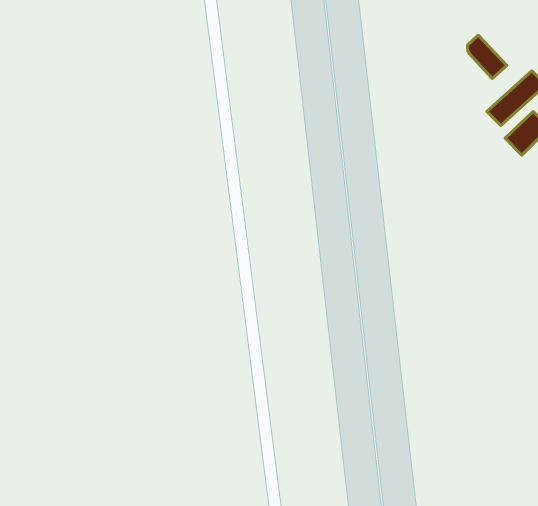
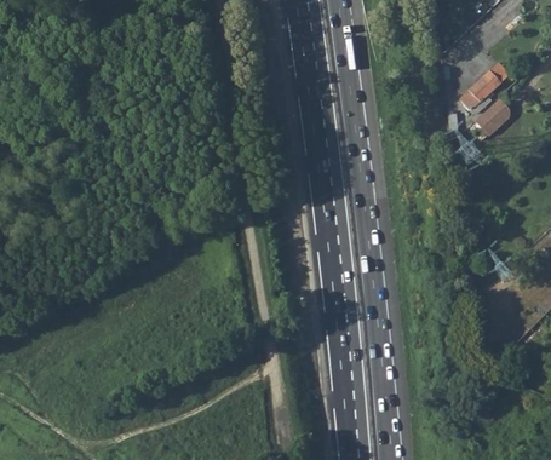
building: [467,35,507,79] -> none

